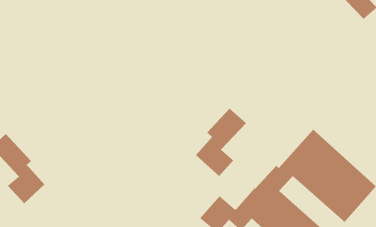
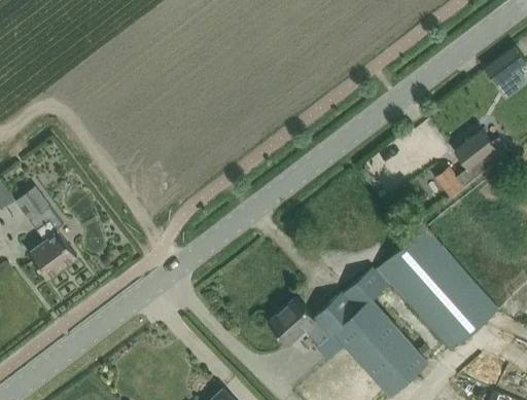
building: none -> [435,132,506,198]
building: [195,108,247,177] -> none

